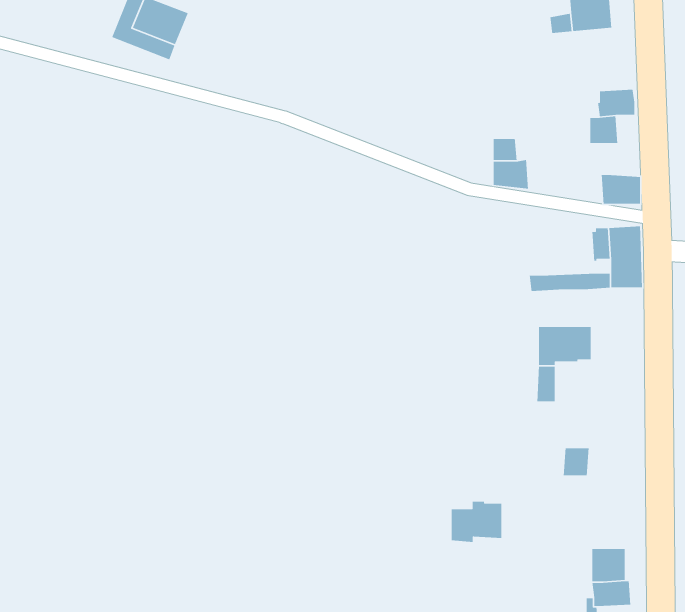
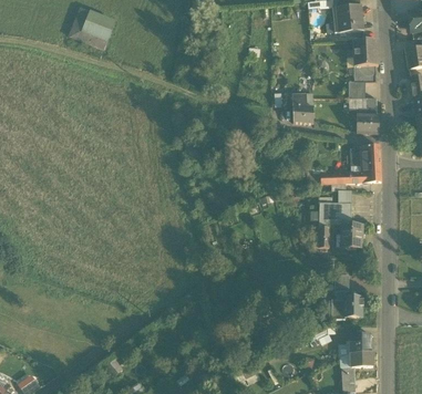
building: none -> [354,40,379,66]
building: none -> [350,97,378,116]
building: none -> [342,224,363,248]
building: [451,501,502,543] -> [332,296,362,320]

